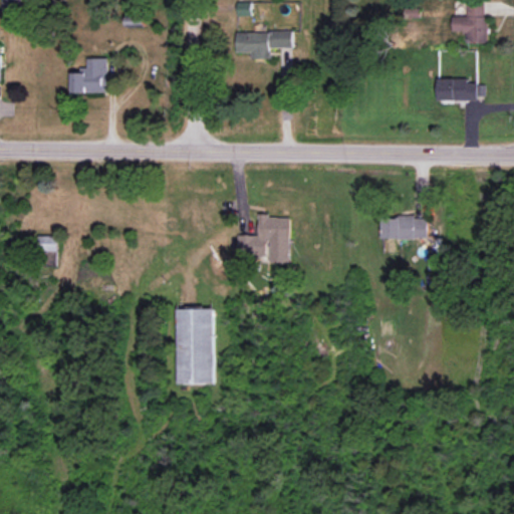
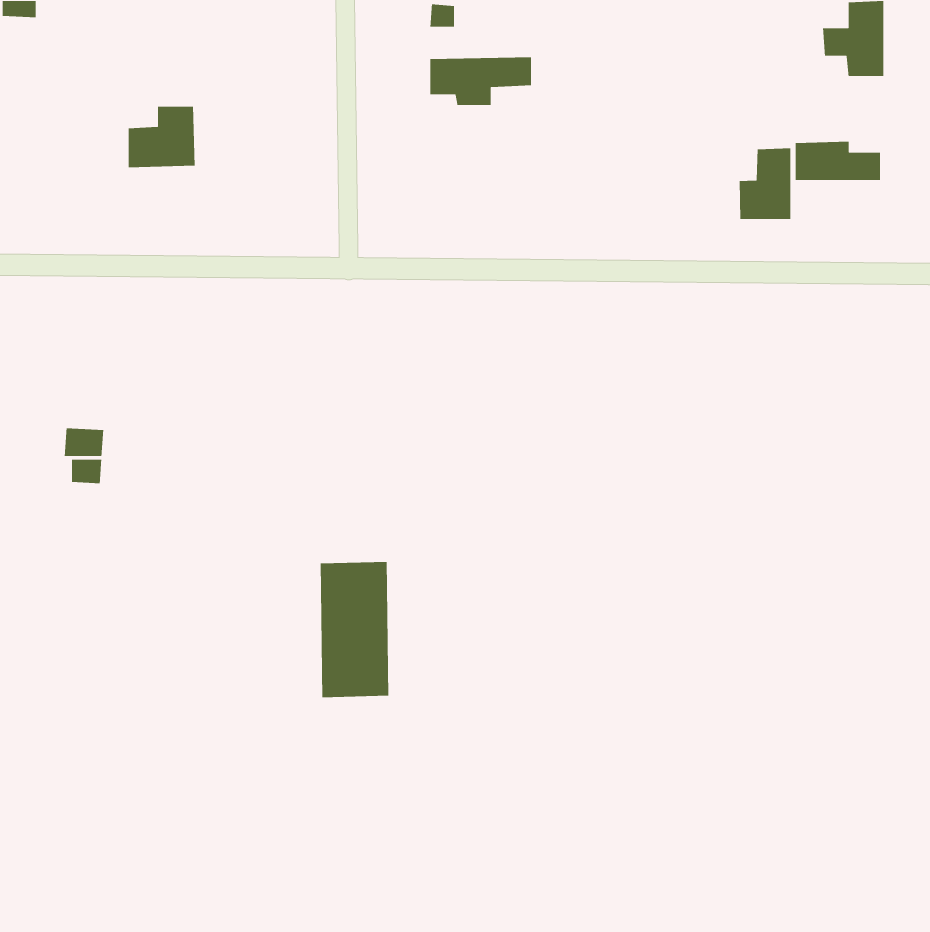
building: none -> [739,148,791,220]
building: [380,216,428,240] -> none
building: [235,217,289,263] -> none

